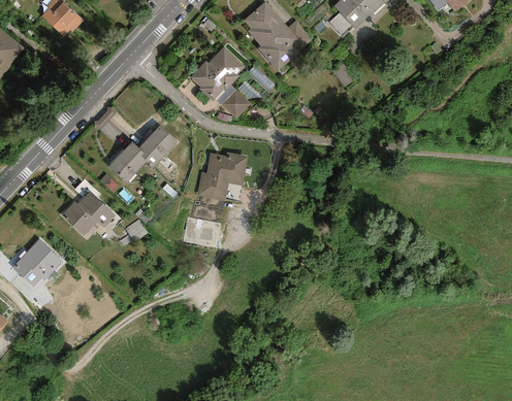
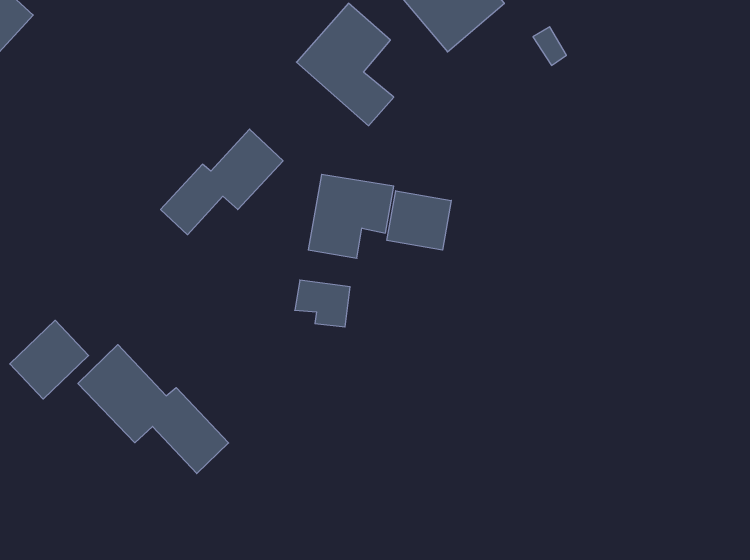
building: none -> [387,191,451,250]
building: [62,190,111,238] -> none
building: none -> [78,345,229,474]

